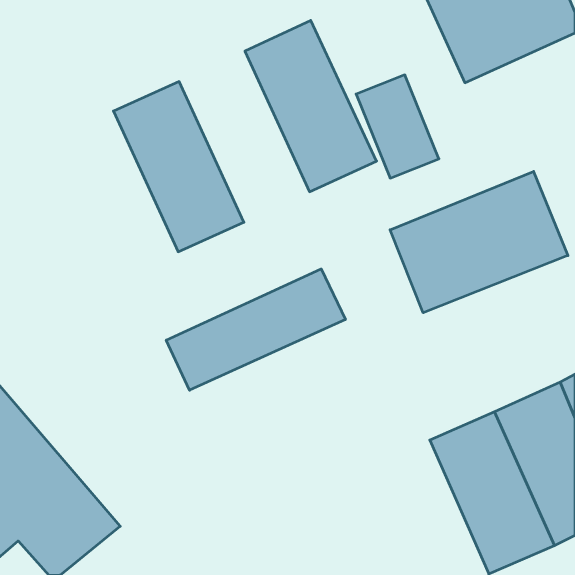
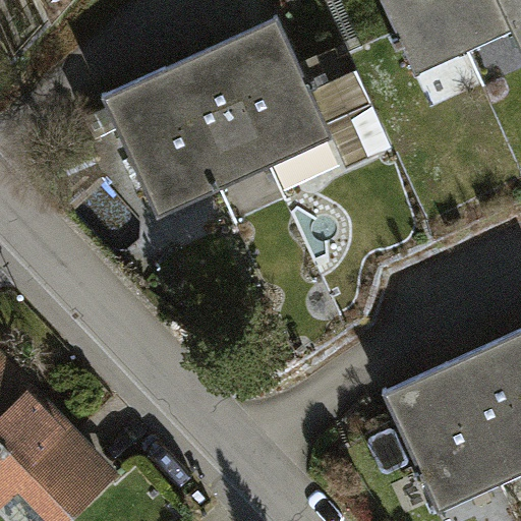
building: none -> [161,46,278,199]
building: [390,171,568,313] -> none
building: [166,269,345,390] -> none

